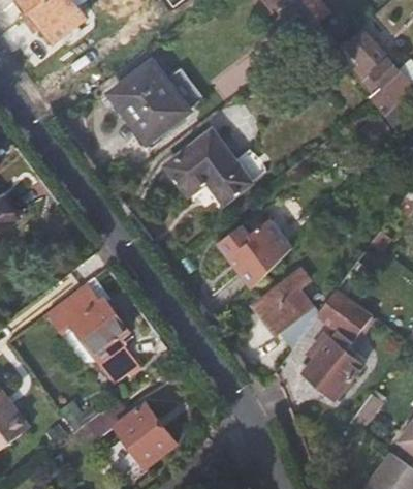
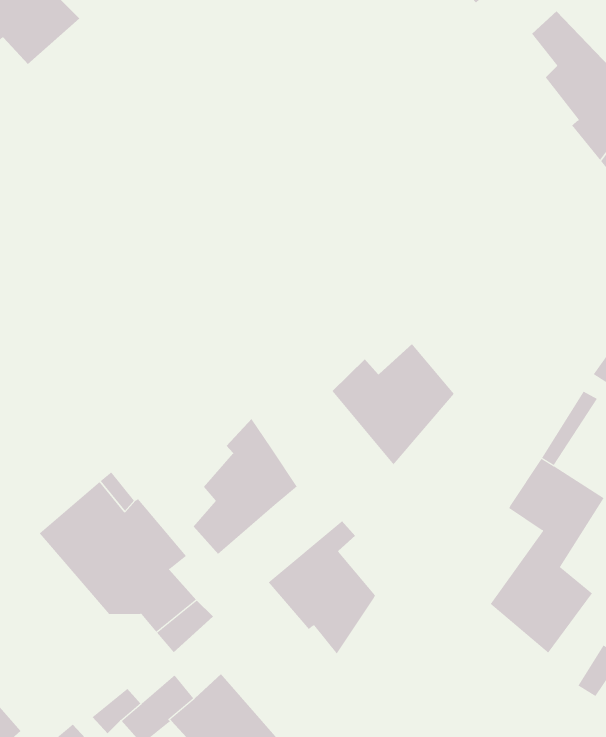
building: [114,62,188,134] -> none
building: [165,129,252,203] -> none
building: none -> [193,418,297,555]
building: [256,270,318,347] -> [268,521,376,655]

